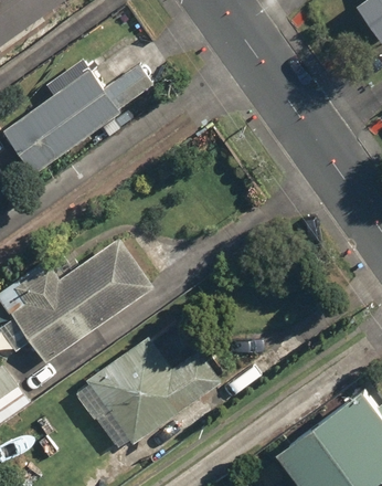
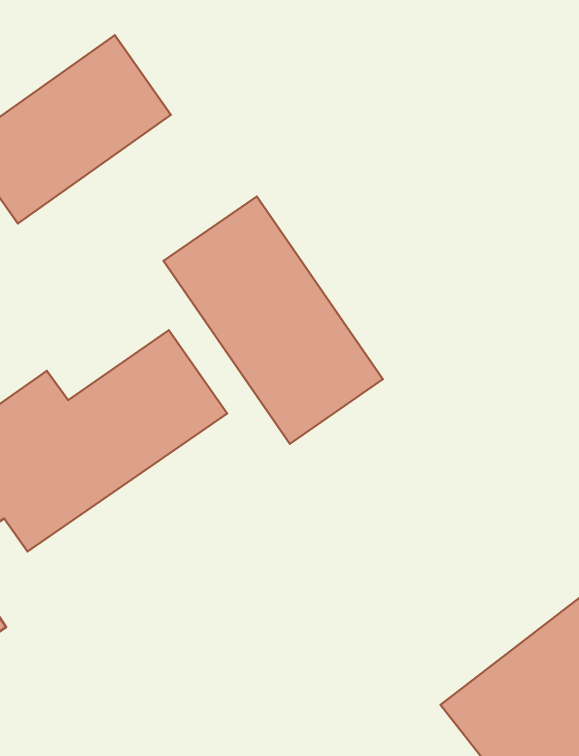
building: none -> [164,196,383,444]
building: [72,324,222,446] -> none

